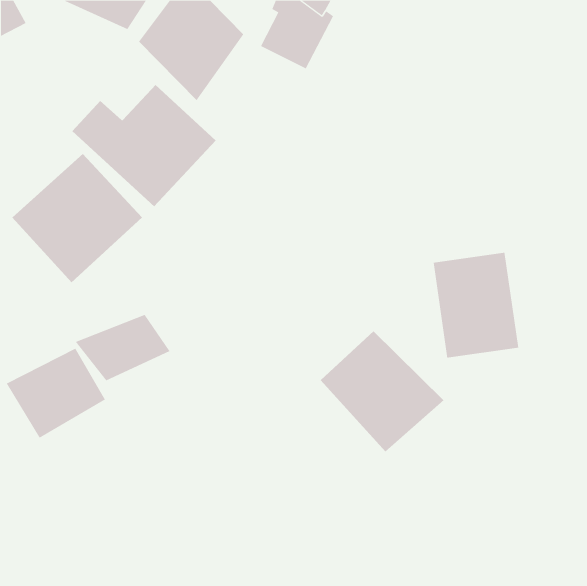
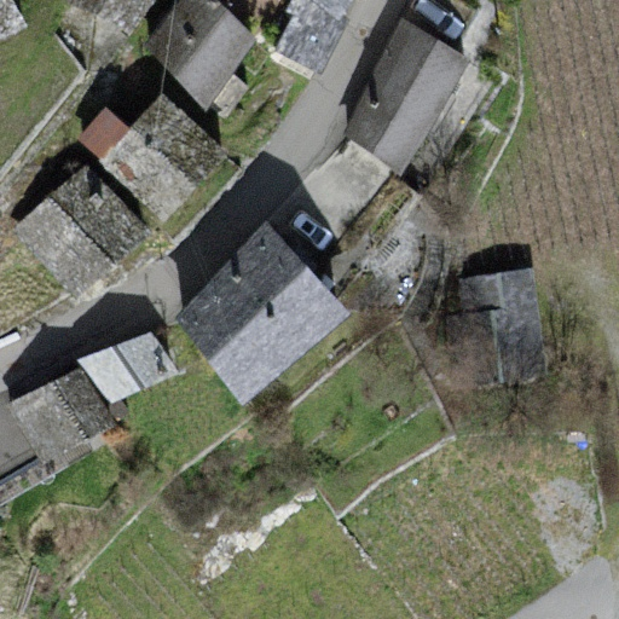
building: none -> [346,17,469,172]
building: none -> [174,219,349,403]
building: [320,331,445,453] -> none

